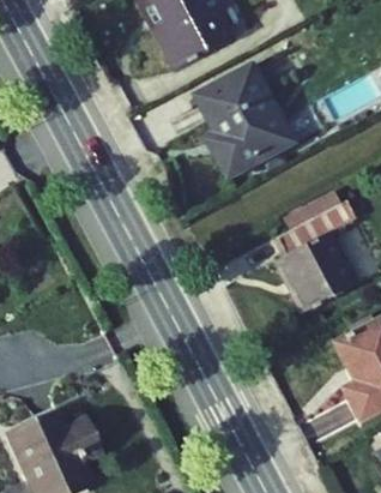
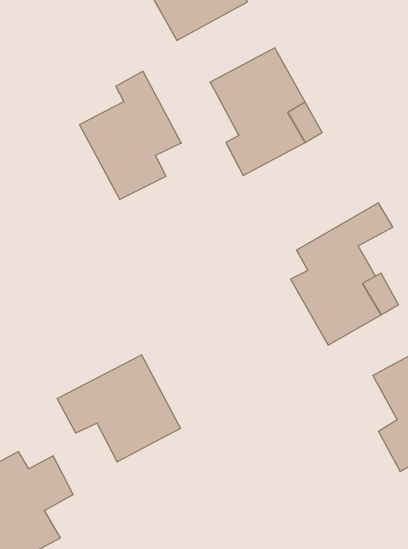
building: none -> [80,71,181,200]
building: none -> [57,355,180,462]

